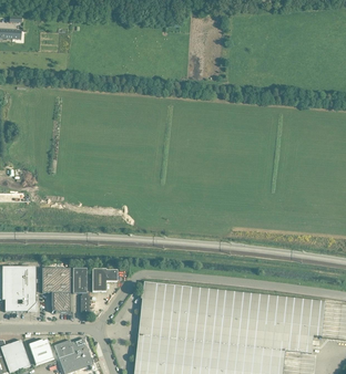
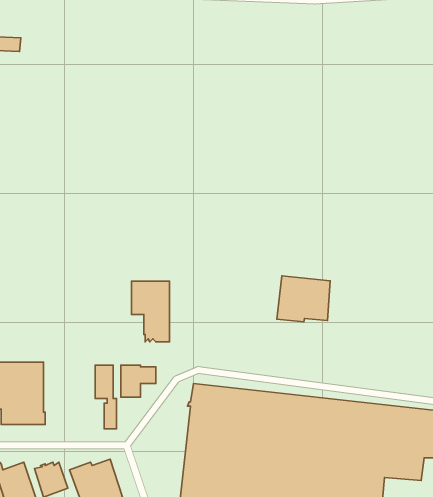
building: none -> [277,276,330,322]
building: [41,268,69,312] -> [132,281,169,342]

